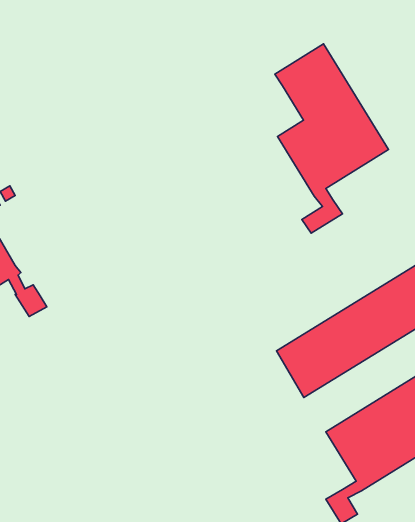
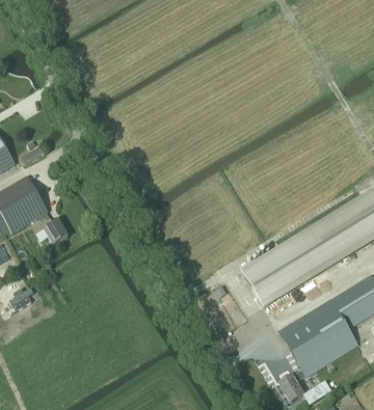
building: [275,44,389,233] -> none

